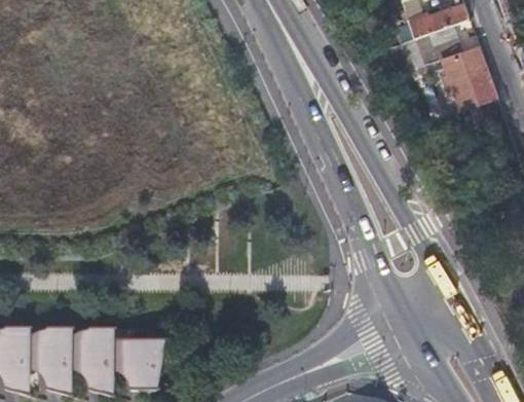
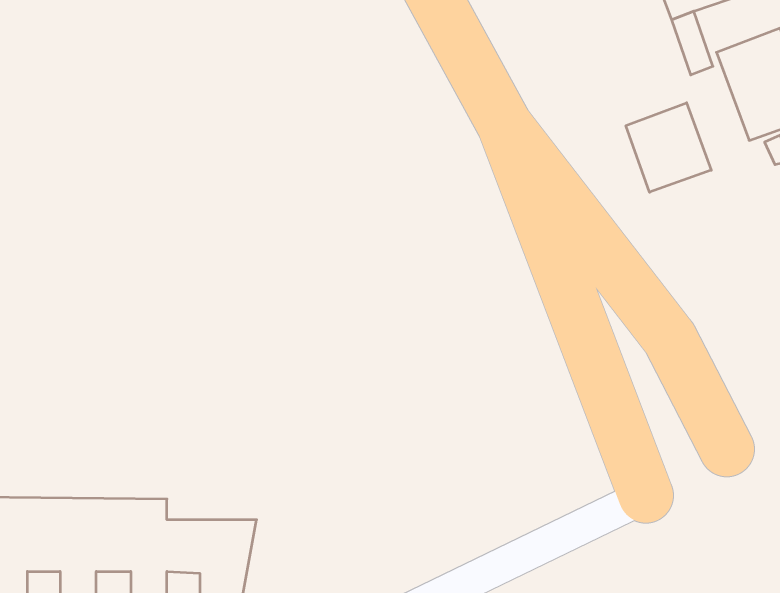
building: none -> [626,103,711,192]

